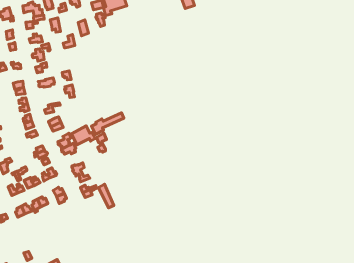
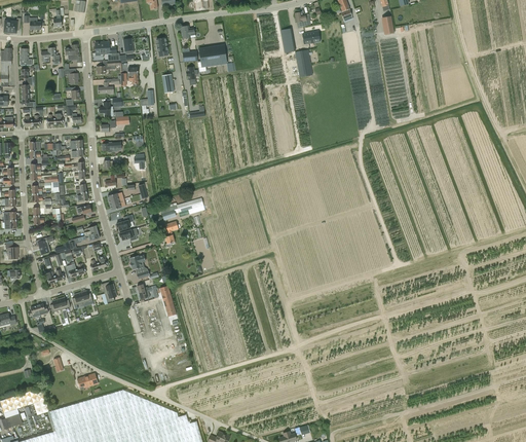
building: [71,126,95,145] -> none

